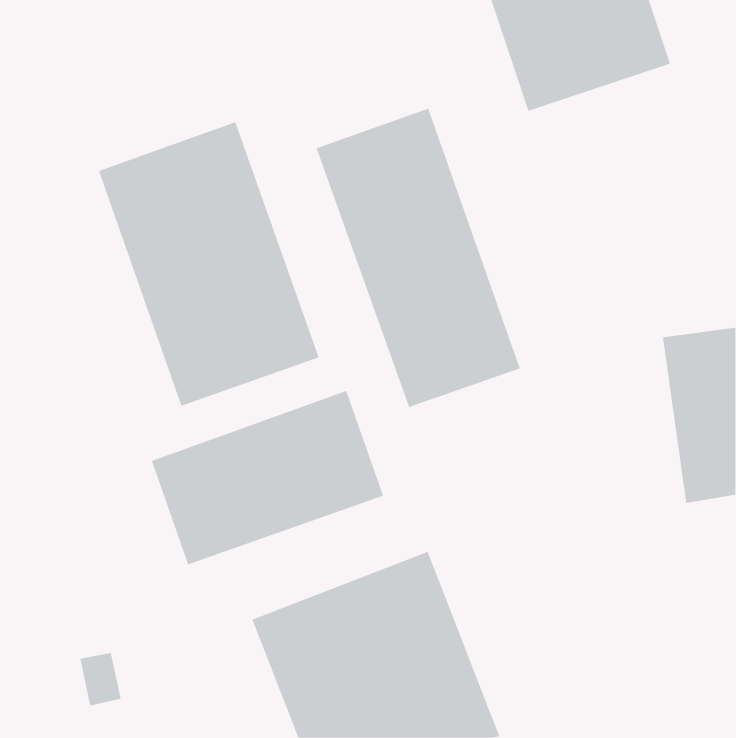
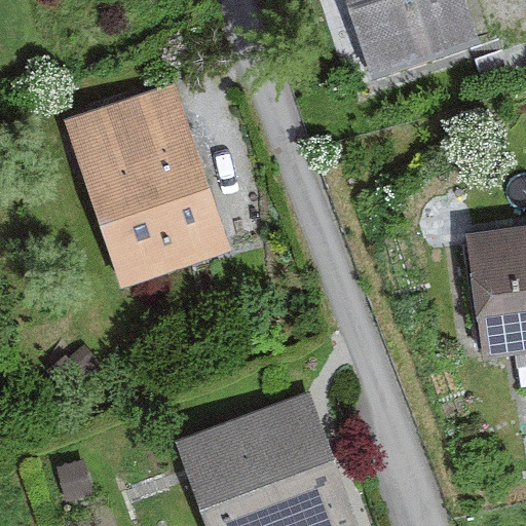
building: [316,108,521,408] -> none
building: [151,390,384,565] -> none

